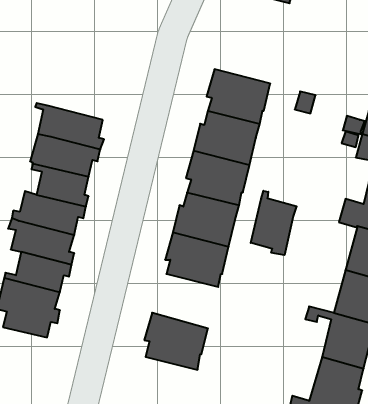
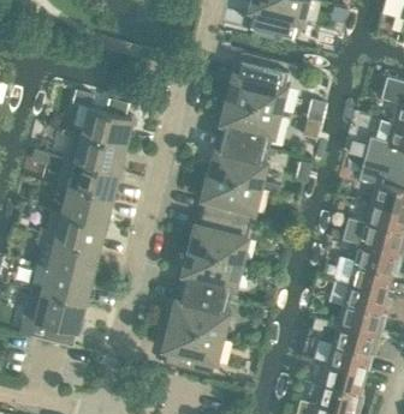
building: none -> [227,60,289,110]
building: none -> [63,97,136,144]
building: [251,191,297,255] -> none
building: none -> [170,287,231,337]

